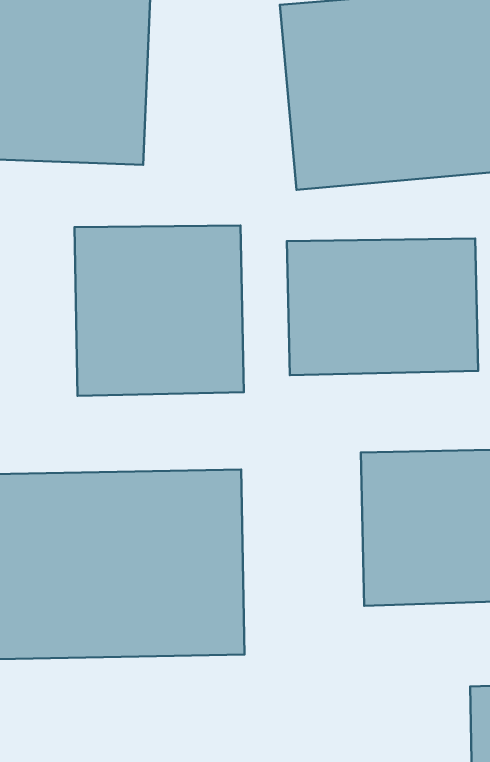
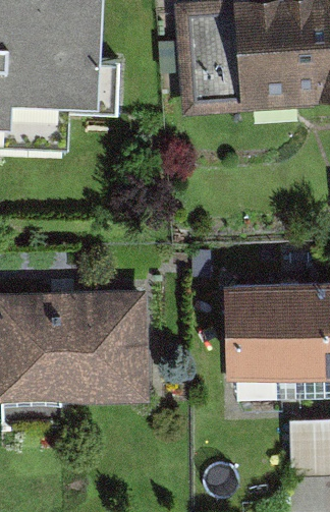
building: [74,226,244,396] -> none
building: [287,239,478,375] -> none

